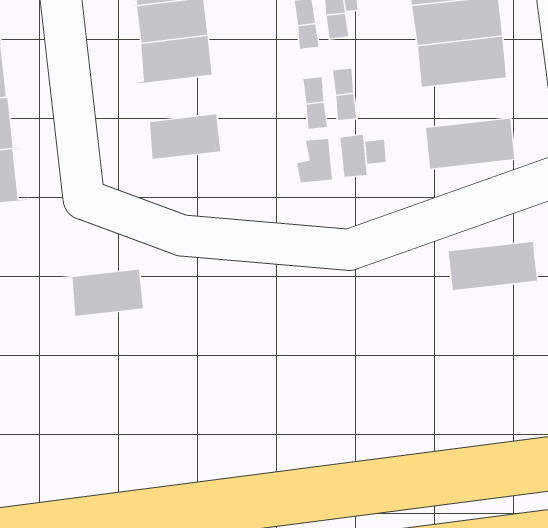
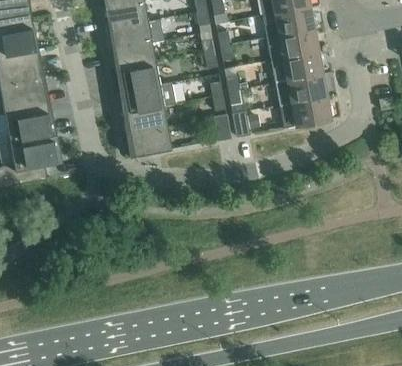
building: none -> [118,80,175,112]
building: [448,241,538,291] -> [275,72,326,103]
building: [63,269,144,318] -> [125,125,171,155]

